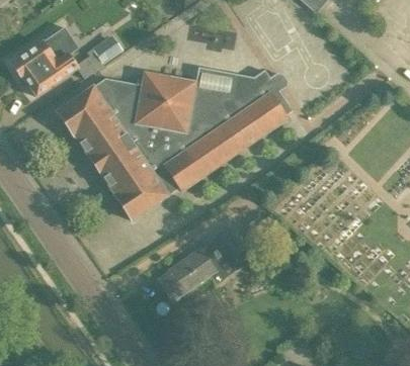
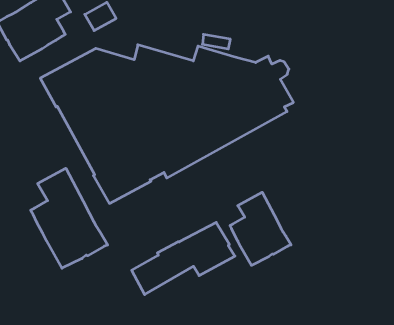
building: none -> [31,168,108,268]
building: none -> [230,192,291,265]

